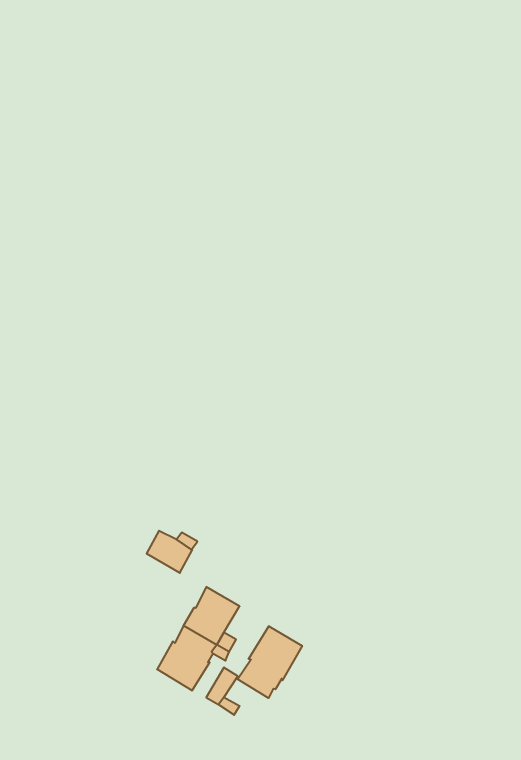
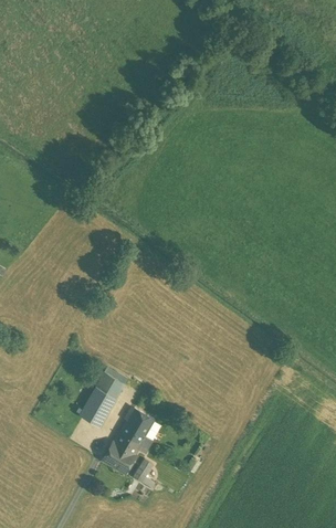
building: none -> [78,387,116,427]
building: [238,626,302,698] -> none

